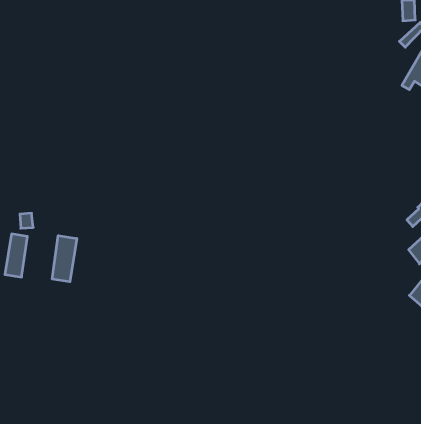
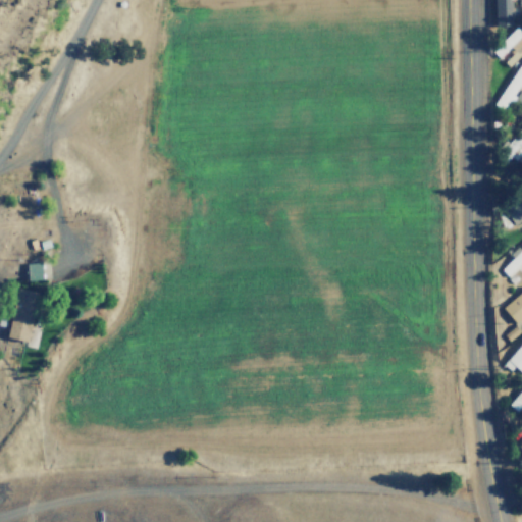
building: [52,236,77,282] -> none

